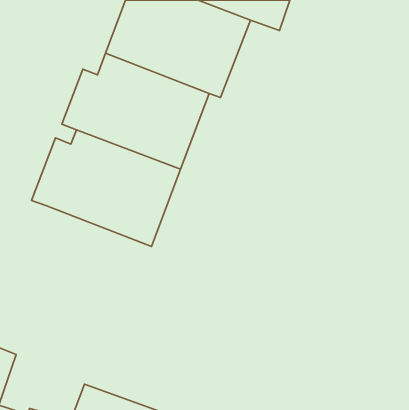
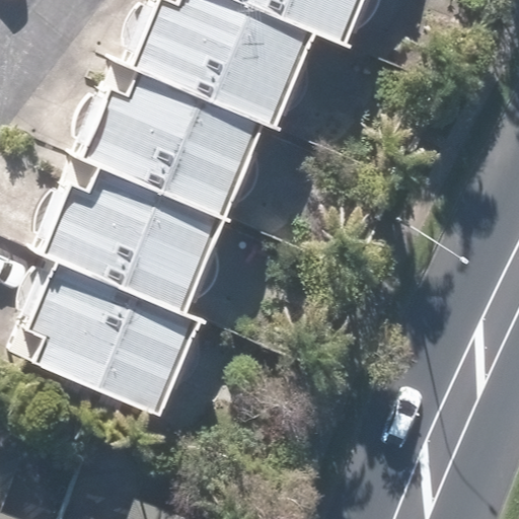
building: none -> [32,261,204,417]

